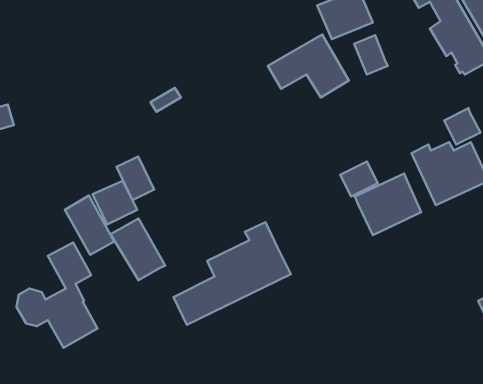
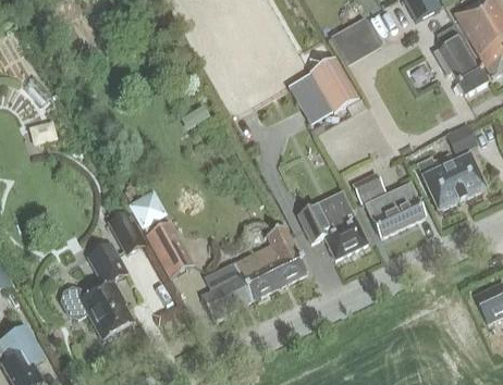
building: [354,35,388,74] -> none
building: [116,156,154,200] -> none
building: none -> [297,187,367,259]

